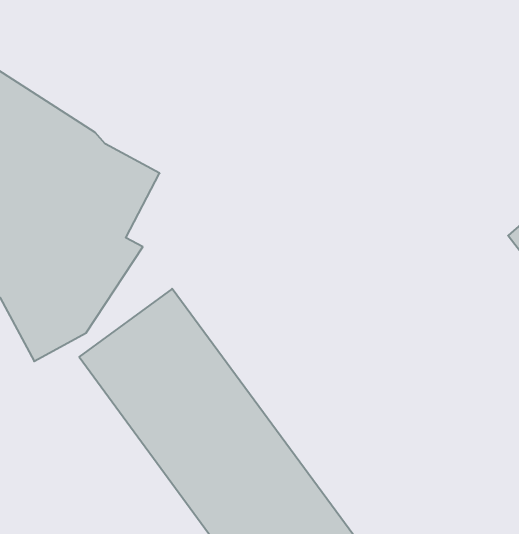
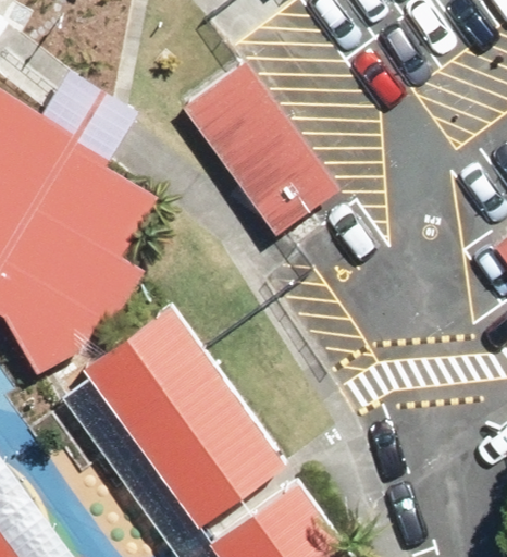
building: none -> [172,57,334,235]

